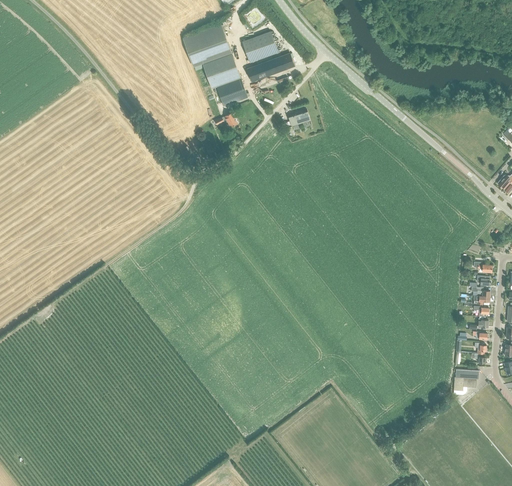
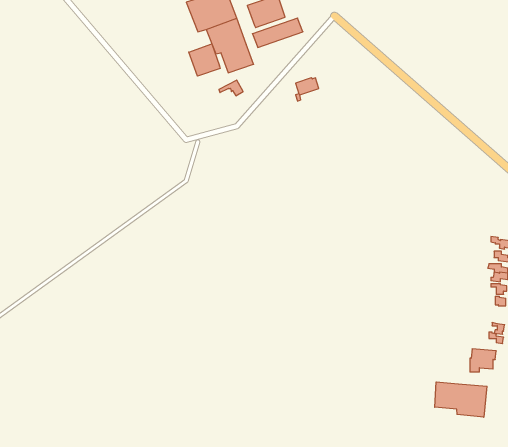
building: none -> [189,44,220,76]
building: none -> [435,382,487,417]

